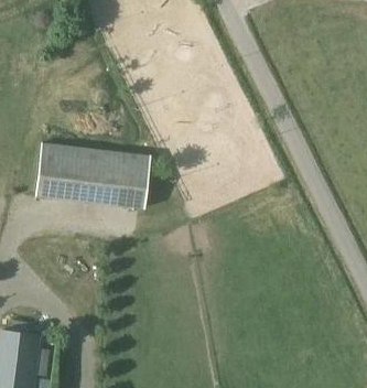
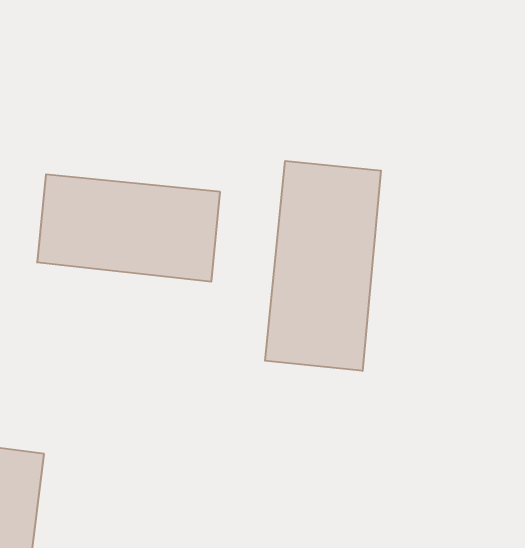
building: none -> [265,161,381,371]

